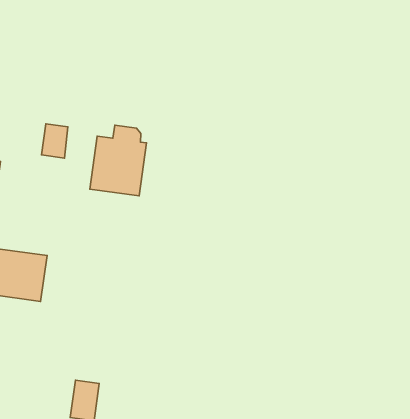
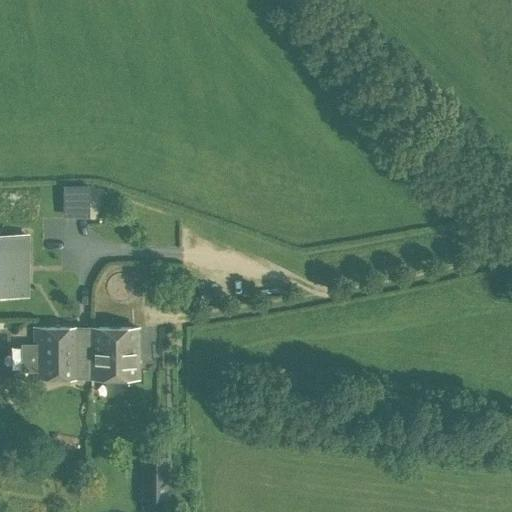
building: [90,125,146,196] -> none
building: none -> [92,329,138,379]

